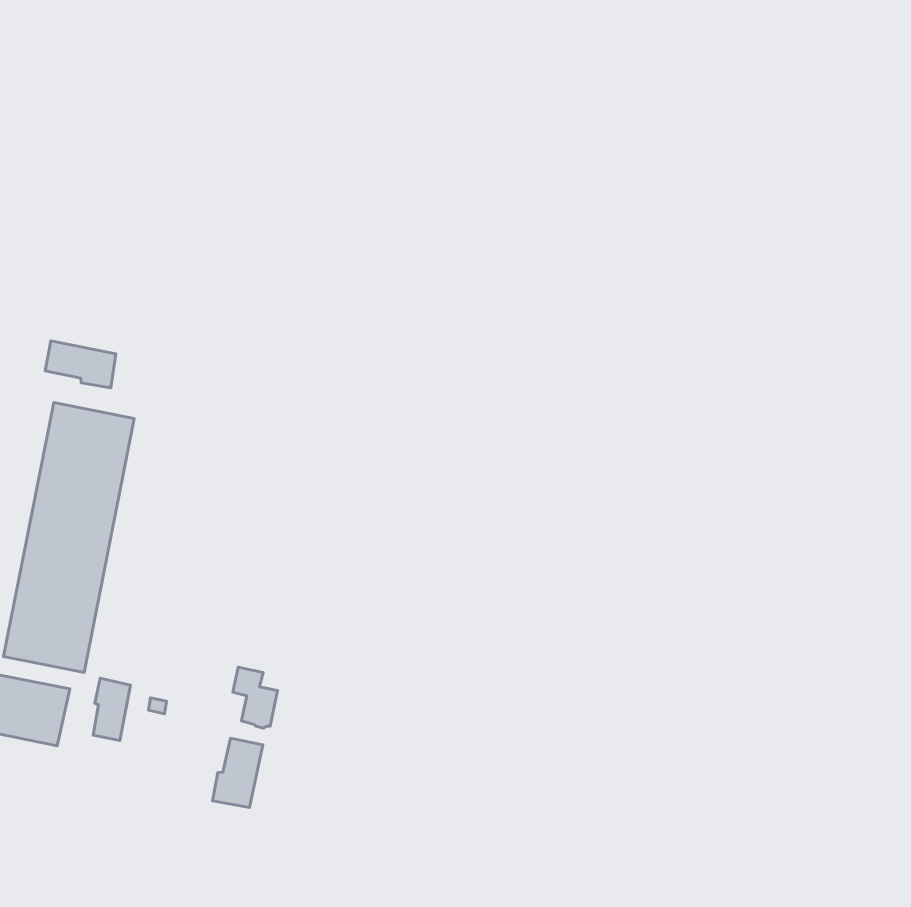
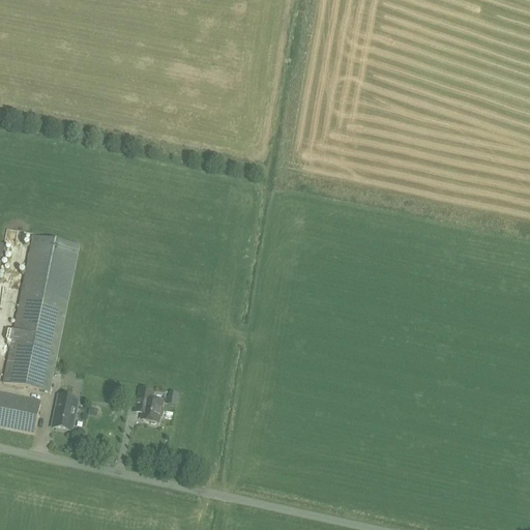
building: [45,341,116,388] -> none
building: [212,738,263,807] -> none

